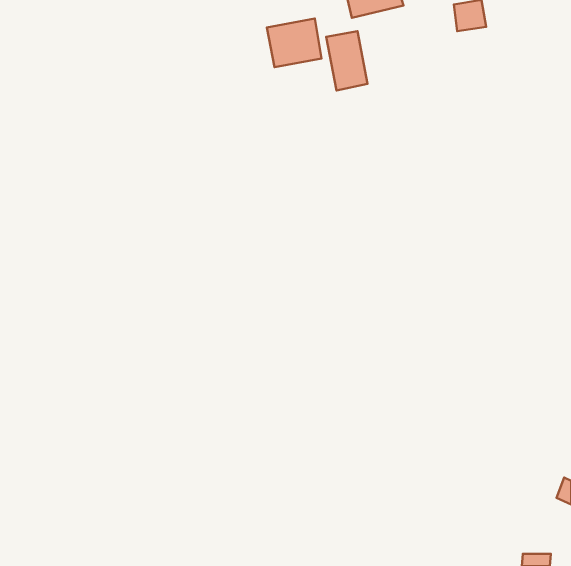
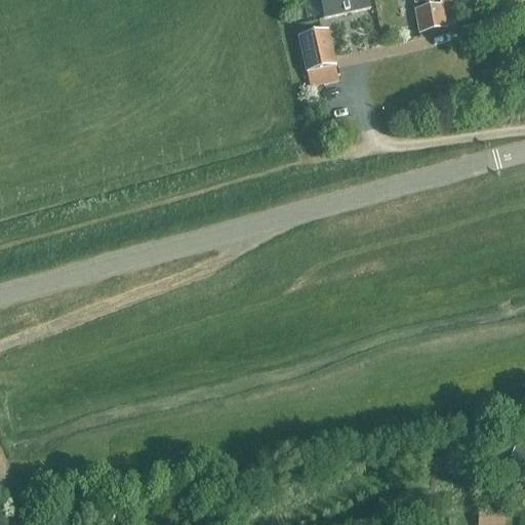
building: [267,18,322,67] -> none

